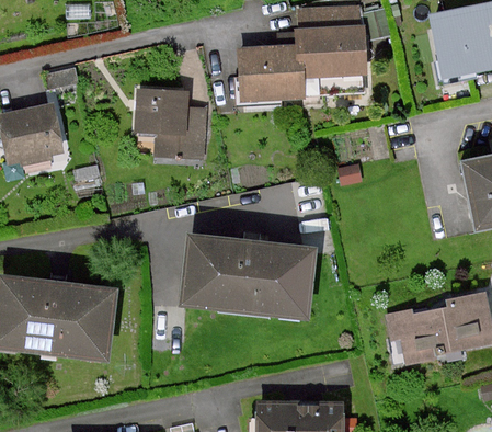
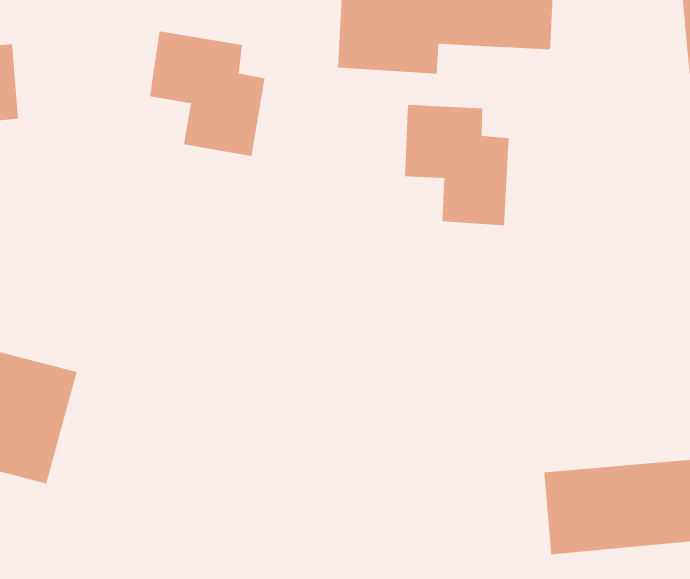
building: none -> [404,104,509,226]
building: [183,236,316,318] -> none

